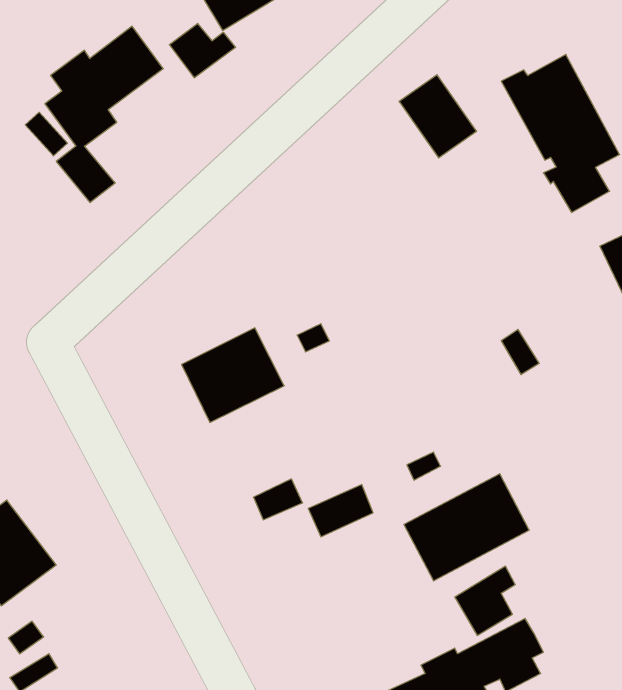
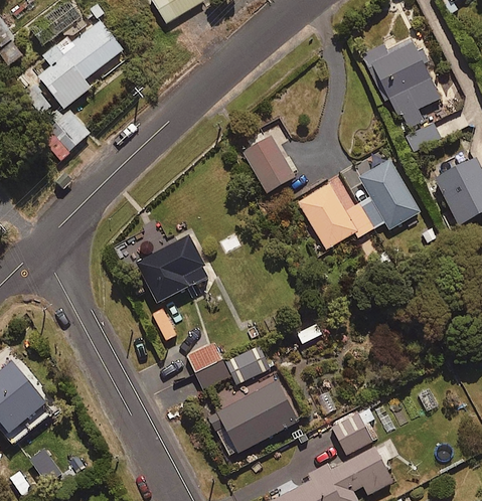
building: [169,23,236,78] -> none
building: [399,75,477,158] -> [242,134,297,193]
building: none -> [298,150,420,256]
building: [404,474,529,581] -> [208,381,298,458]

